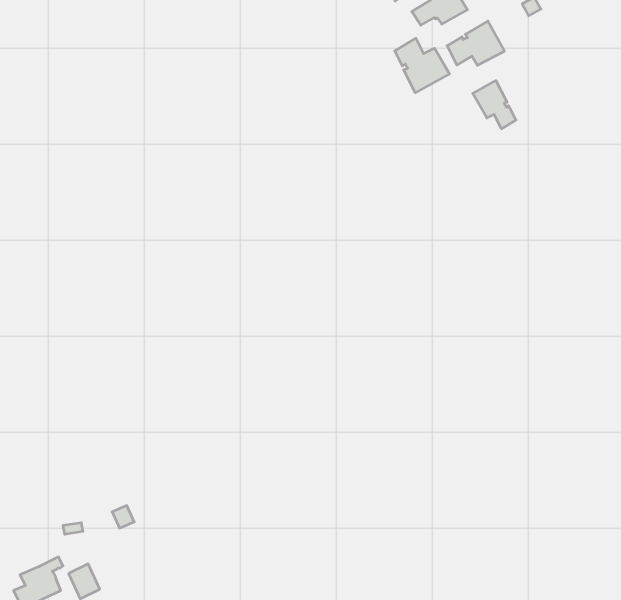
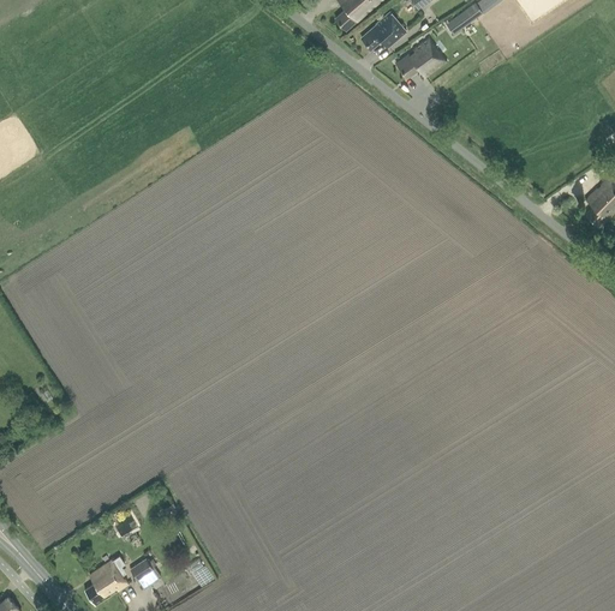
building: [395,38,449,93] -> none
building: [473,81,516,129] -> none

